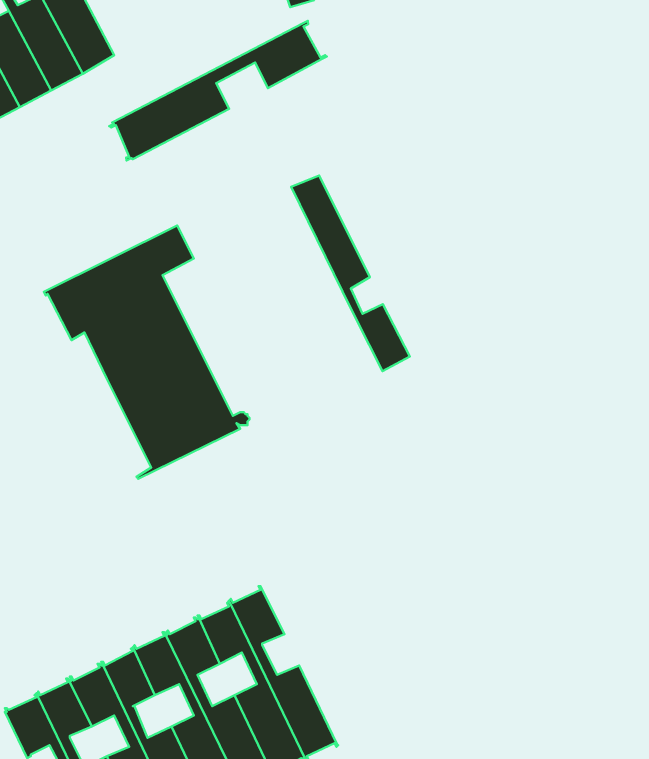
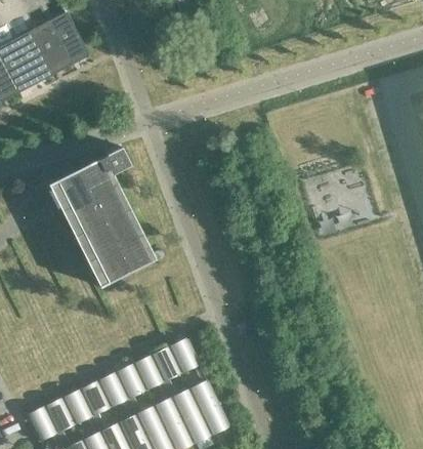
building: [109,21,327,160] -> none
building: [291,176,410,371] -> none
building: none -> [169,339,228,436]

